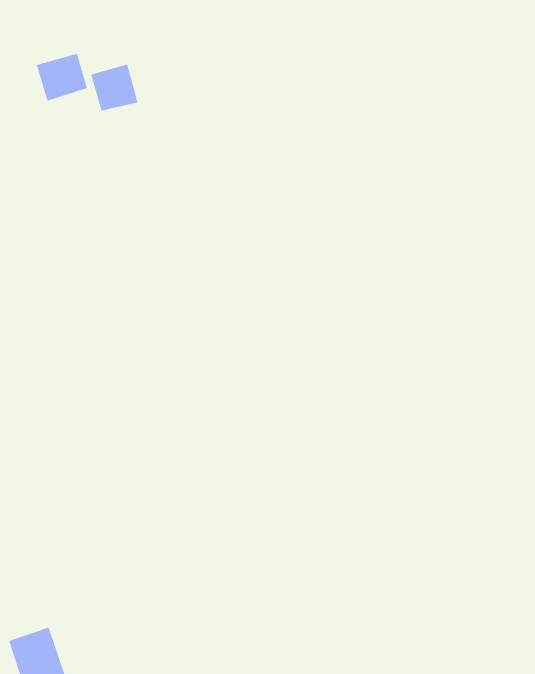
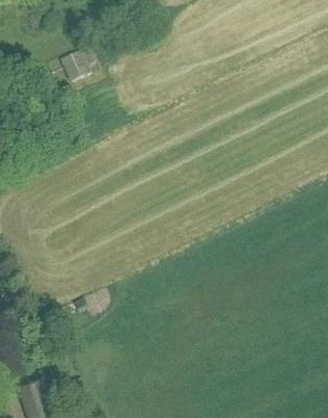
building: [36,53,88,102] -> none

